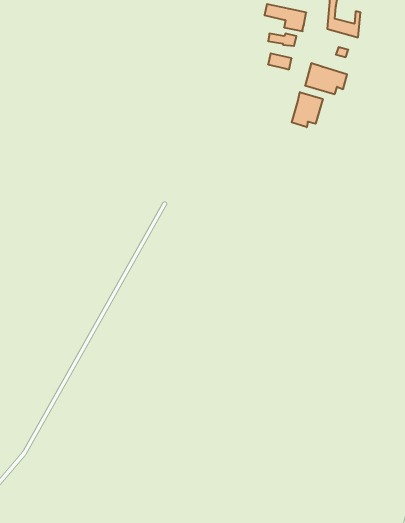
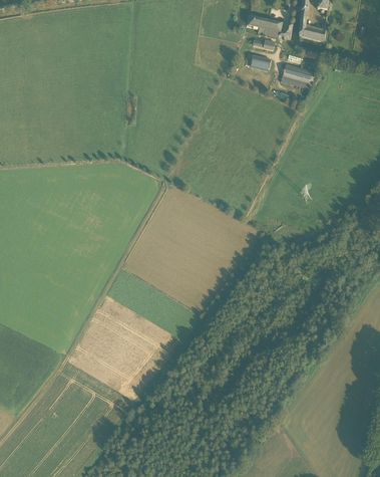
building: [292,92,323,127] -> none

